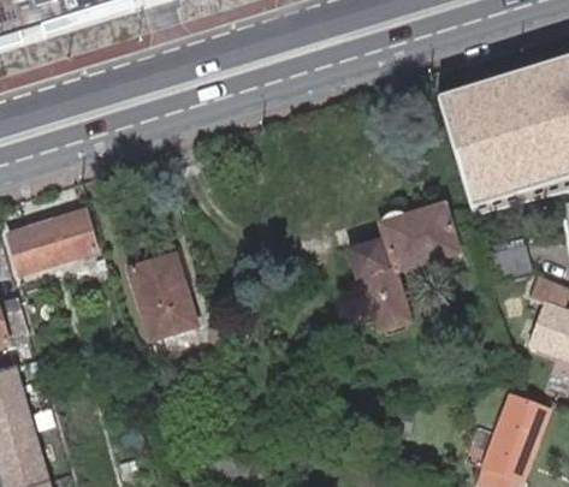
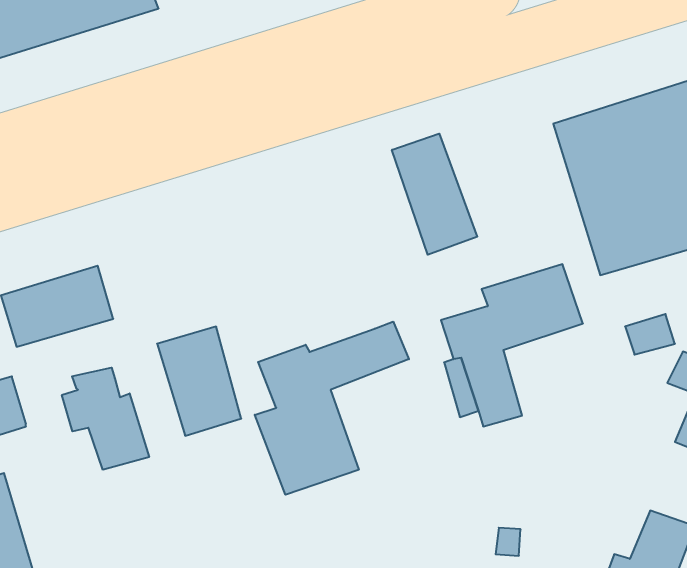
building: none -> [392,134,477,255]
building: none -> [255,322,409,495]
building: none -> [62,368,149,470]

